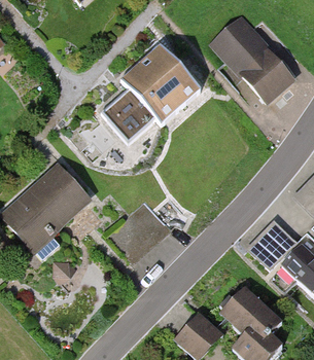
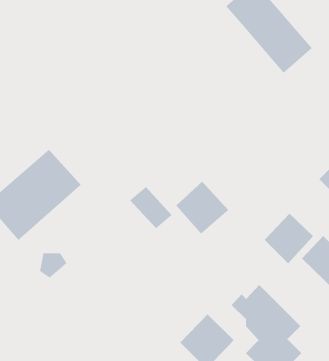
building: [101,42,202,142] -> none
building: [107,212,154,259] -> [175,181,229,235]

